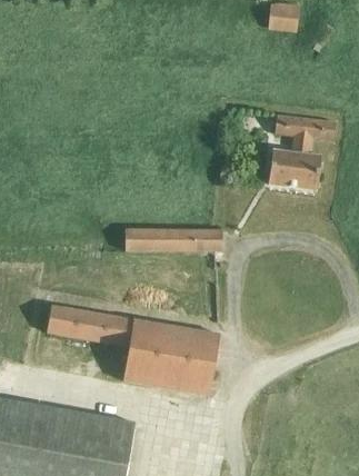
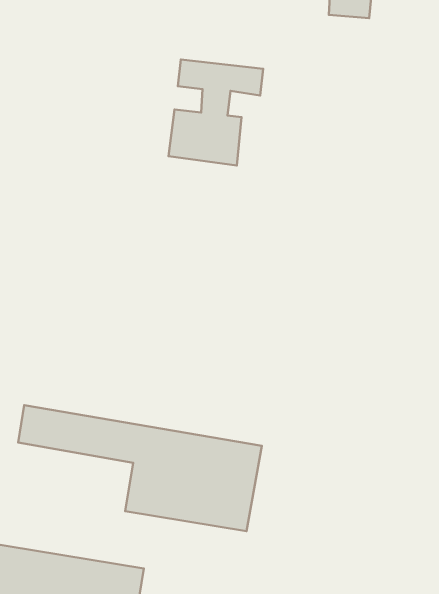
building: [267,113,335,189] -> [168,60,263,165]
building: [124,228,221,250] -> none

